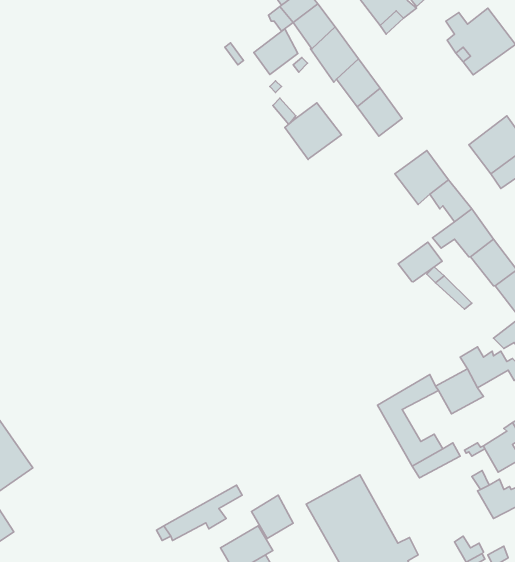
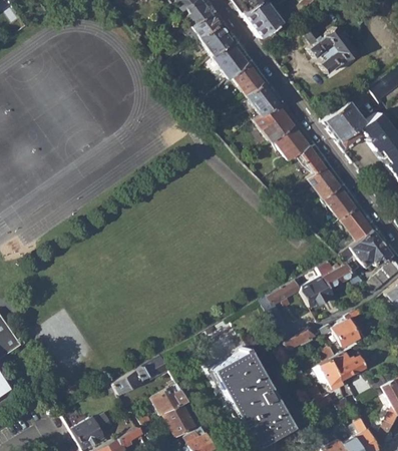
building: [254,29,298,74] -> none
building: [285,103,342,160] -> [256,102,295,141]
building: [398,242,442,282] -> none
building: none -> [313,359,343,389]
building: [251,495,293,538] -> none

